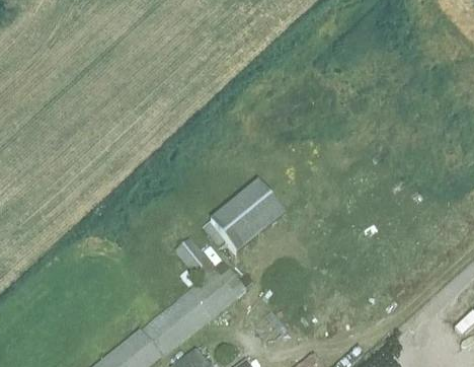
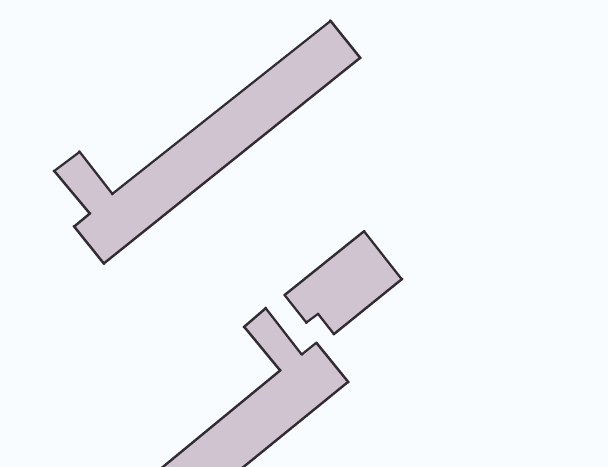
building: none -> [54,21,360,264]

